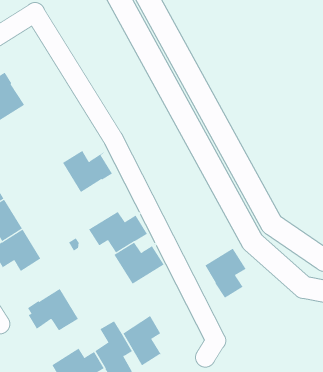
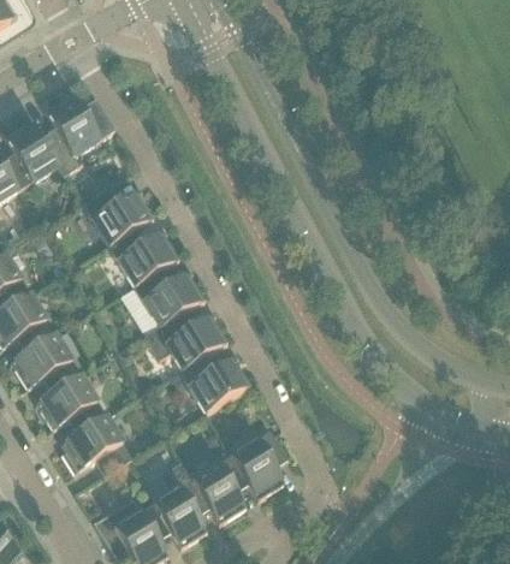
building: none -> [40,95,115,176]
building: none -> [83,186,154,245]
building: none -> [135,268,204,337]
building: [204,248,246,299] -> [231,431,289,500]
building: none -> [36,376,107,435]

